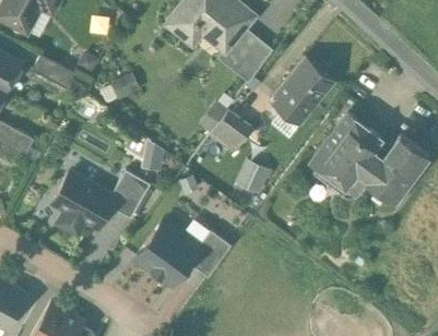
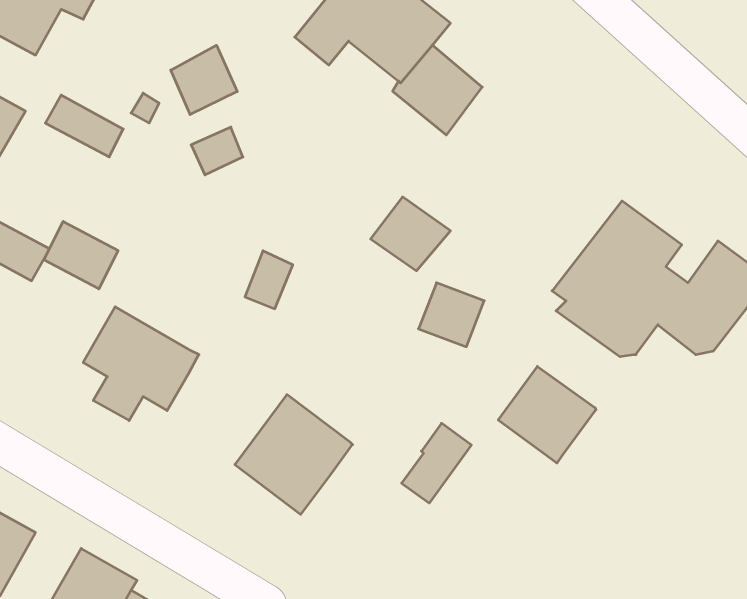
building: none -> [171,45,237,115]
building: [270,55,336,125] -> none
building: none -> [44,221,118,289]
building: [110,170,150,218] -> none
building: none -> [498,366,596,463]
building: [188,230,226,274] -> [402,423,471,503]

